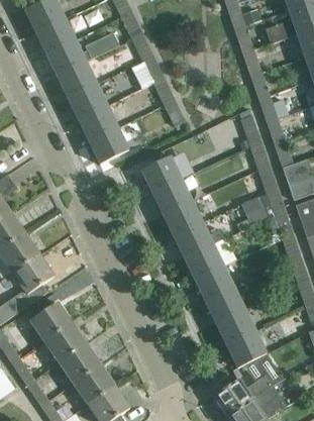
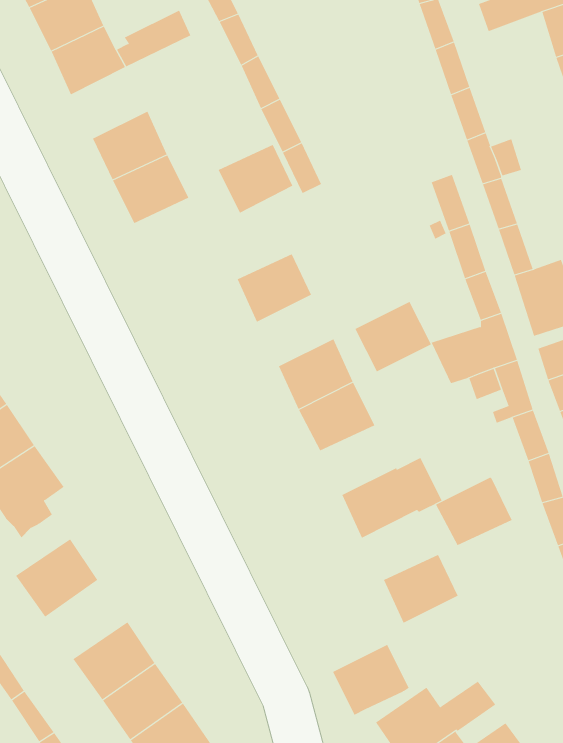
building: [57,61,96,97] -> none
building: [89,127,127,163] -> [218,144,293,213]
building: [151,177,191,213] -> [355,301,432,372]
building: [184,243,223,279] -> none
building: [205,287,244,322] -> [435,477,512,546]
building: [43,322,86,362] -> none
building: [226,330,266,366] -> [332,644,409,715]

